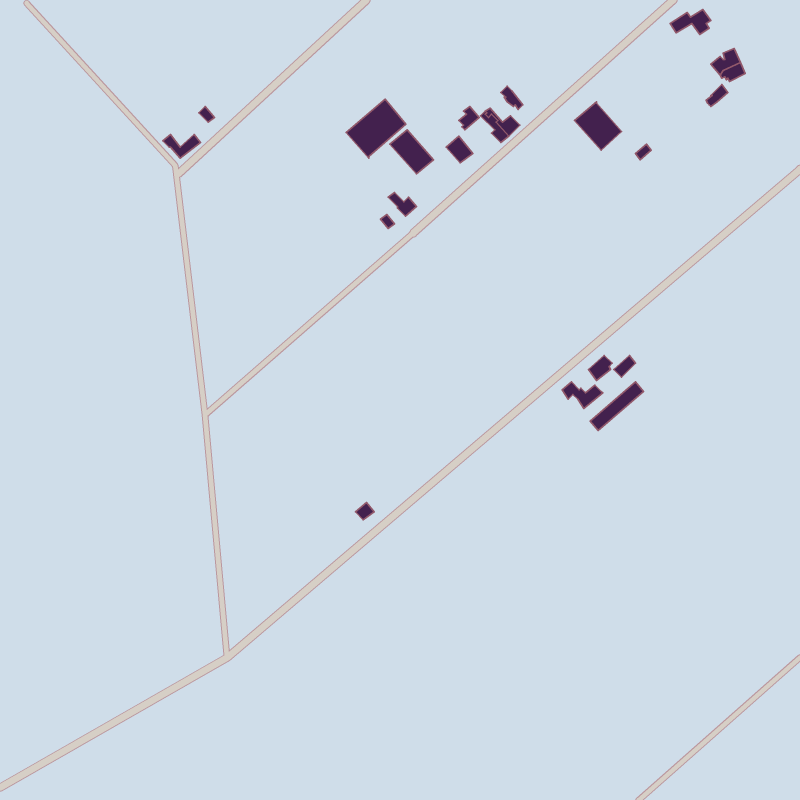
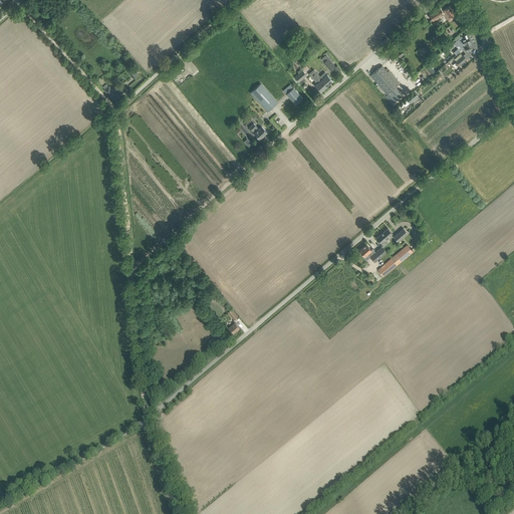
building: [346,99,406,158] -> none

